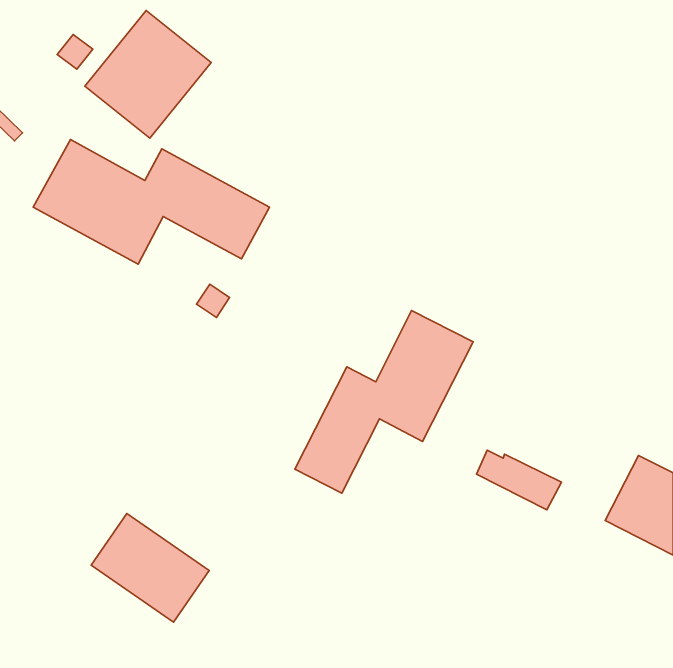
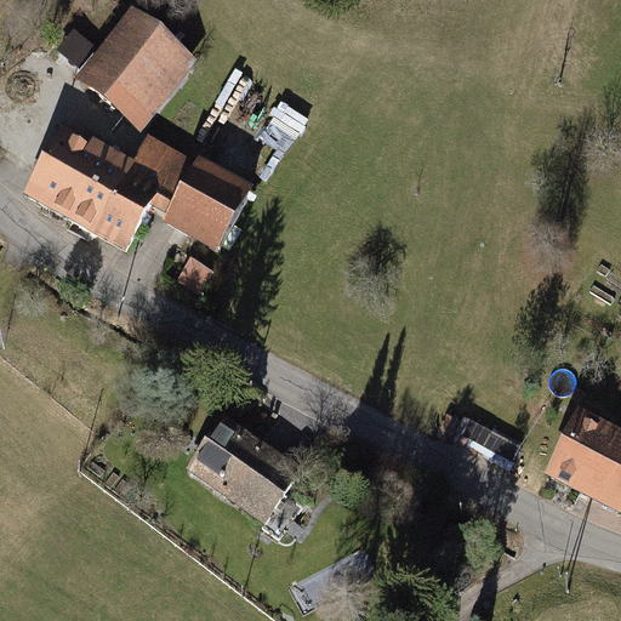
building: [295,311,473,493] -> none
building: [91,513,209,622] -> [190,420,298,519]

